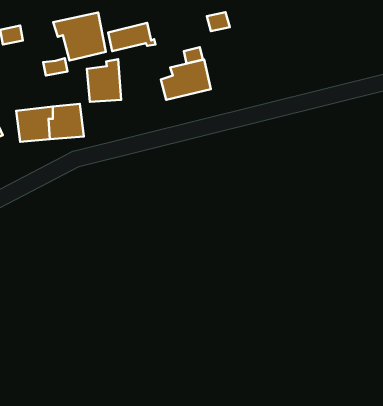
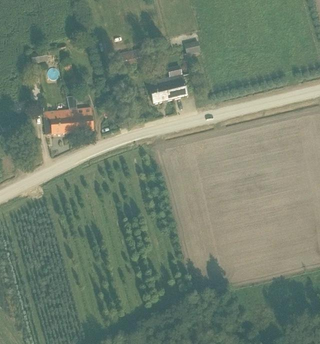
building: [53,12,106,60] -> none
building: [87,59,121,102] -> none

